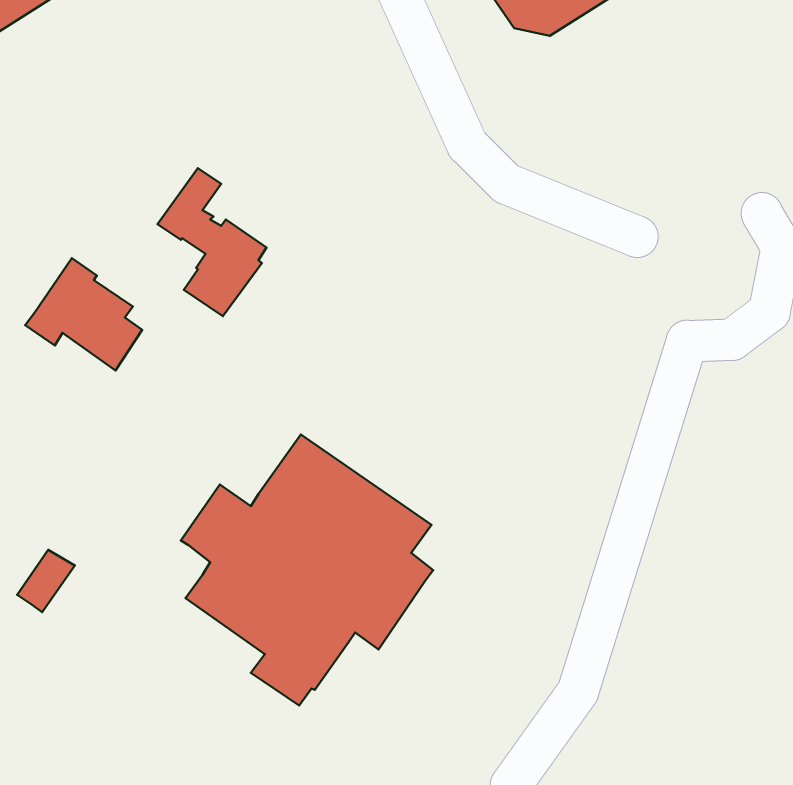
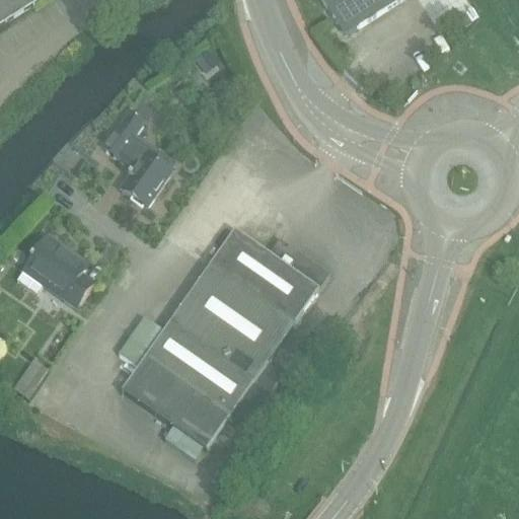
building: [25,258,142,370] -> [16,234,92,307]
building: none -> [196,228,328,342]

